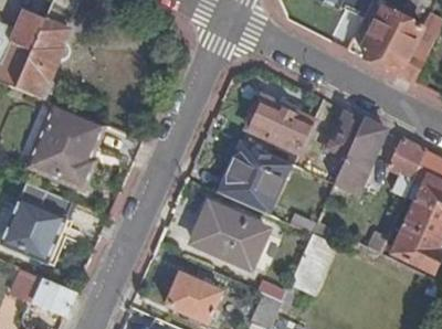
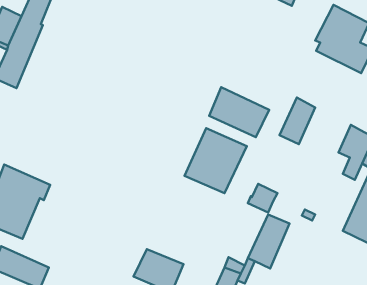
building: [29,104,102,185] -> none
building: [335,118,386,192] -> none
building: [193,203,266,265] -> none

